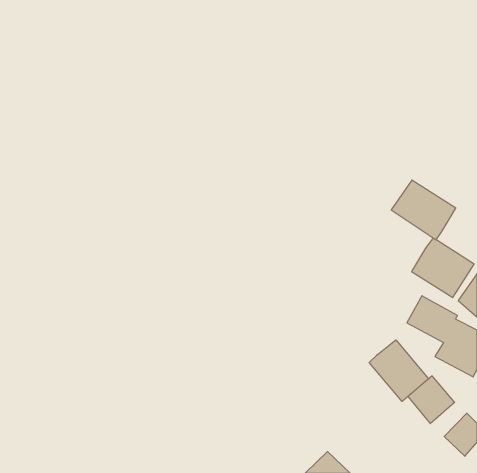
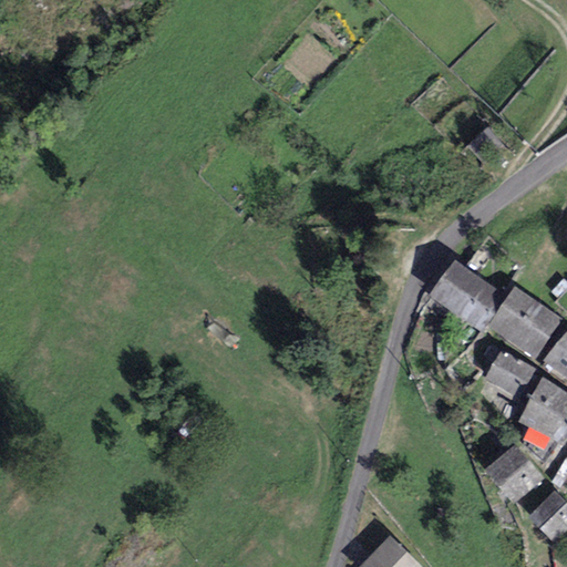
building: [391,180,456,240] -> [429,261,505,332]
building: [369,340,429,401] -> none

